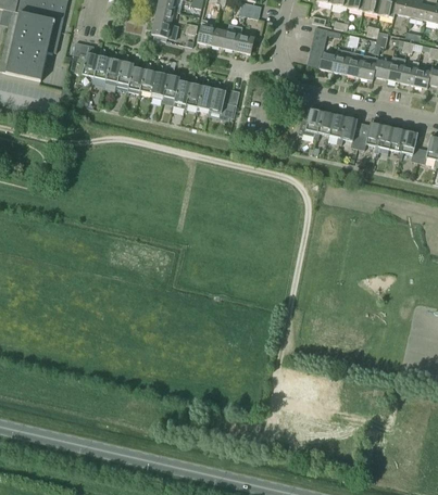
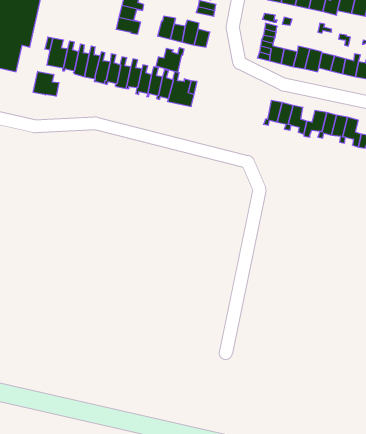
building: none -> [156,48,184,72]
building: none -> [33,71,59,96]
building: [296,107,321,135] -> none

